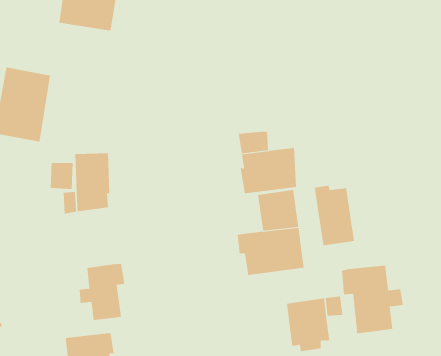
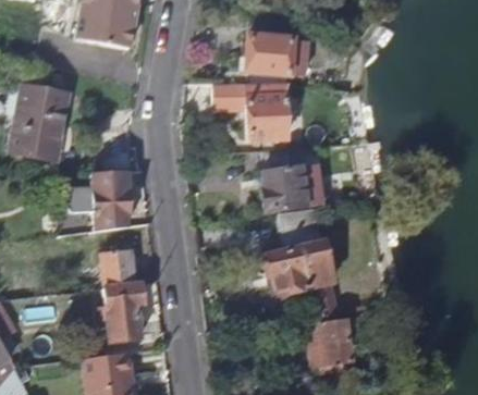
building: none -> [247,36,307,75]
building: none -> [215,79,289,139]
building: [314,185,354,246] -> none
building: none -> [100,250,135,287]
building: [341,265,403,334] -> none

